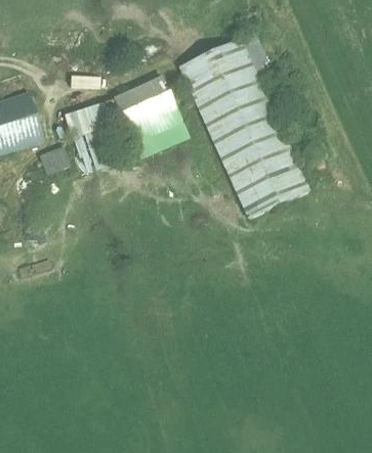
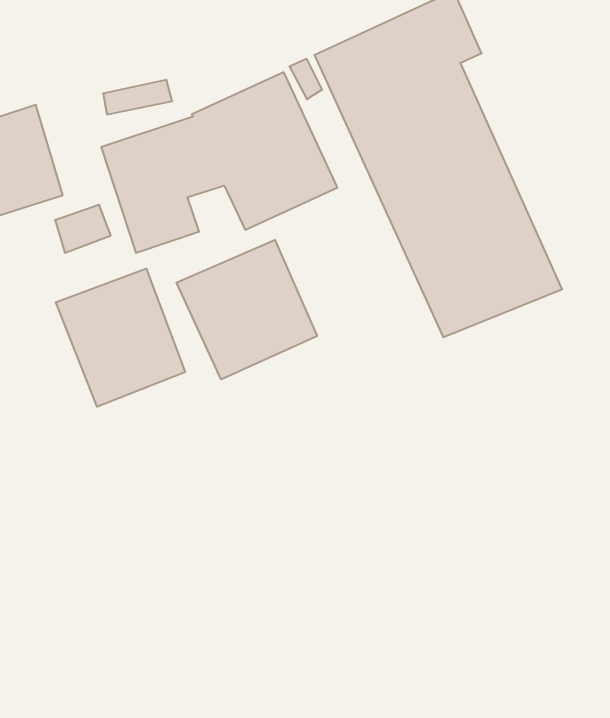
building: none -> [176,240,317,379]
building: none -> [56,269,185,407]

